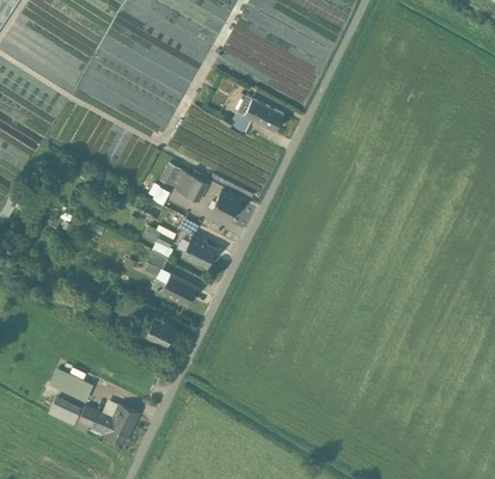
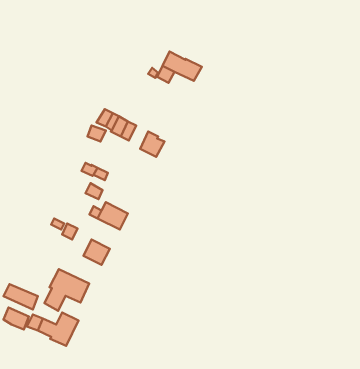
building: [179,233,213,264] -> none
building: none -> [44,269,89,311]

